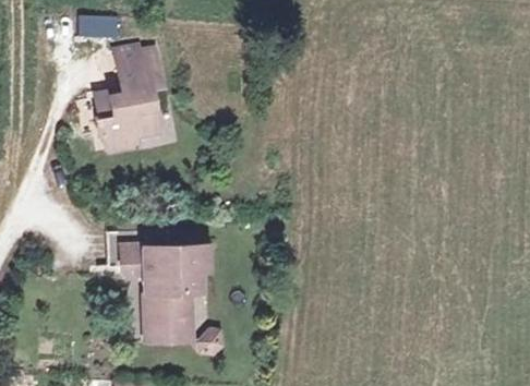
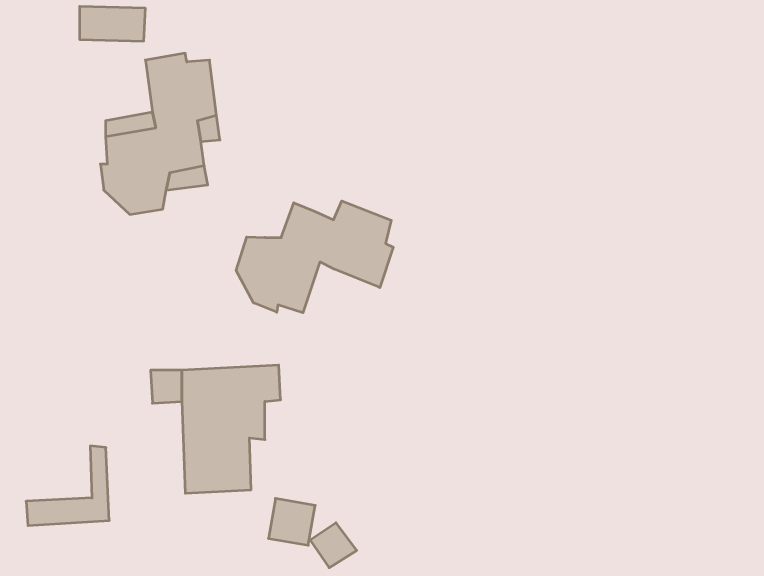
building: none -> [236,201,393,313]
building: [144,289,196,339] -> [26,446,109,526]

